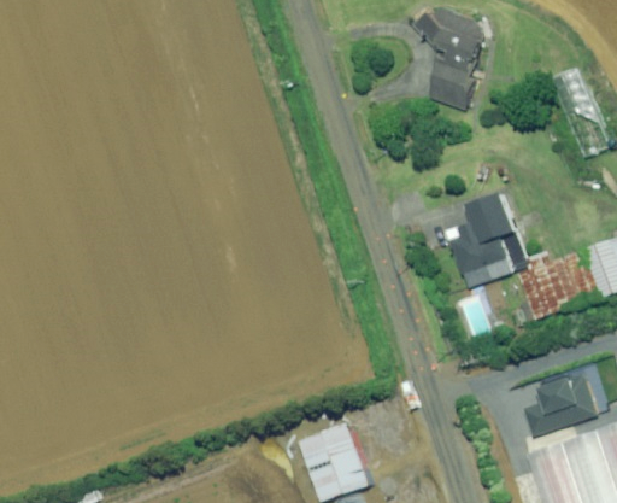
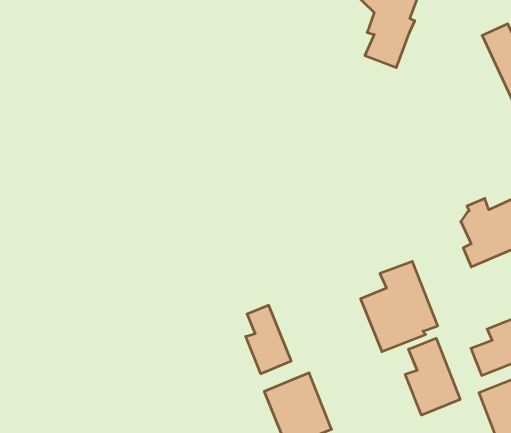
building: [448,193,528,286] -> [361,262,438,352]
building: none -> [246,305,291,374]
building: none -> [405,338,460,415]

